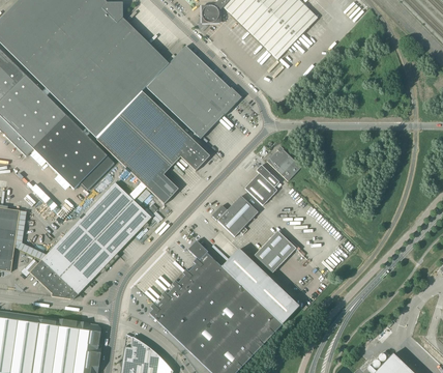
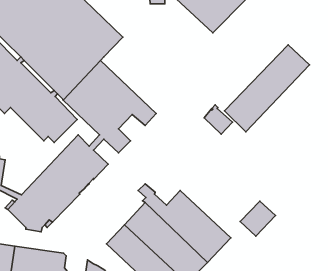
building: [146,46,241,138] -> none
building: none -> [224,45,309,132]
building: [245,165,282,204] -> none
building: [212,195,258,236] -> none
building: [254,230,296,272] -> [240,201,275,236]

